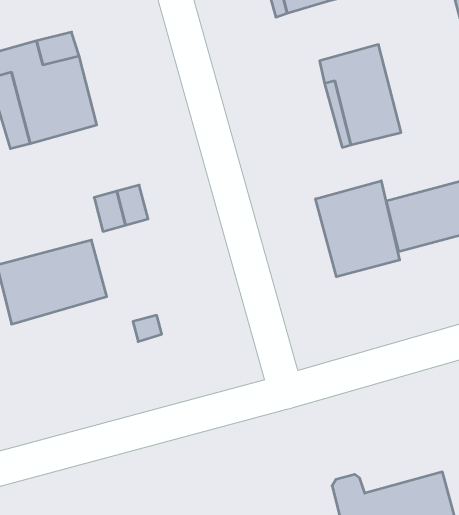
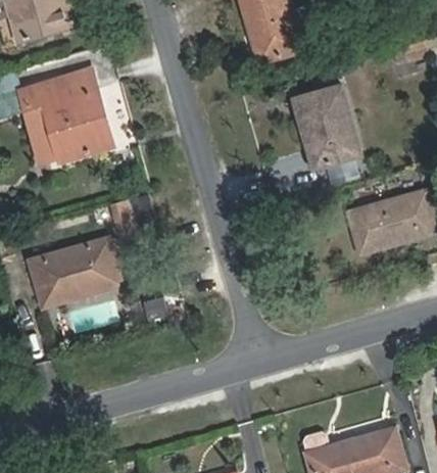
building: [316,181,400,277] -> none

